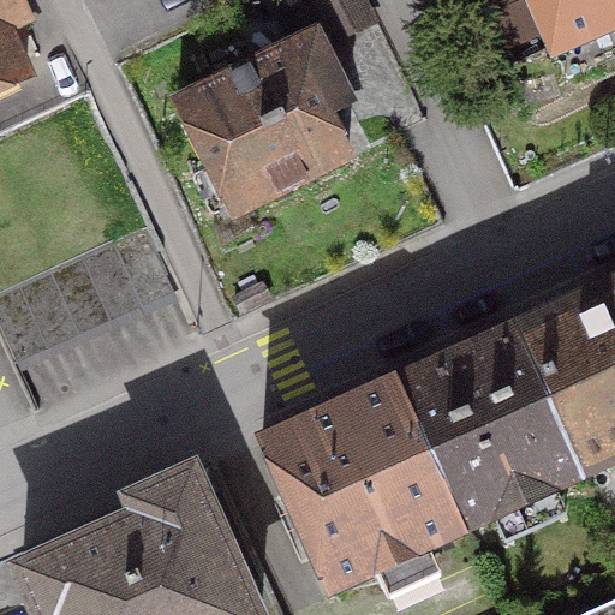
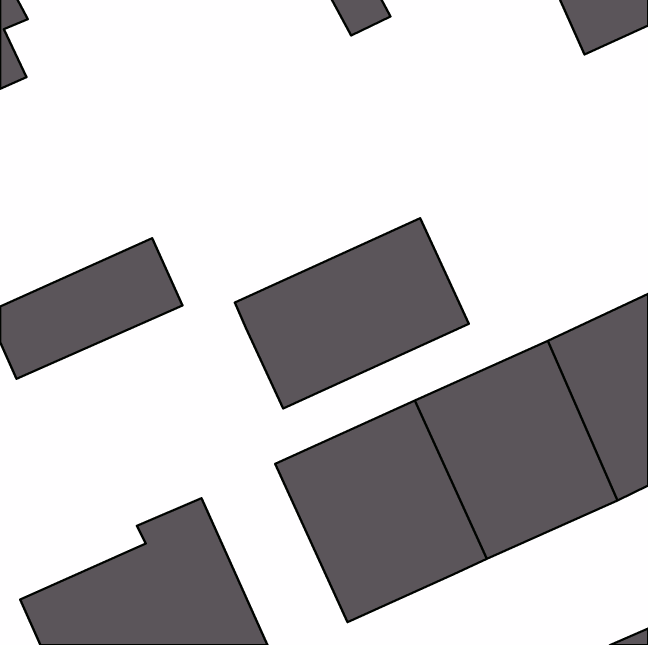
building: [175,36,350,213] -> none
building: none -> [235,218,469,408]

